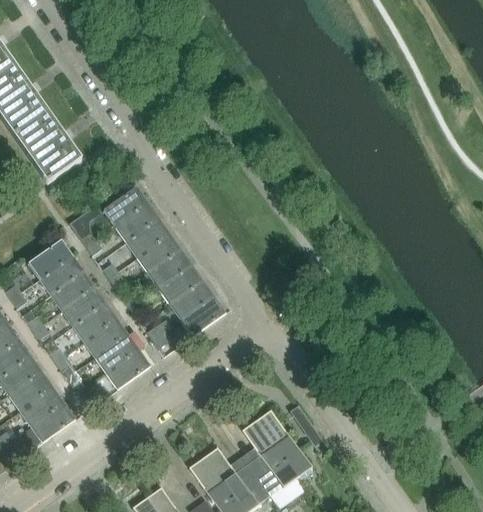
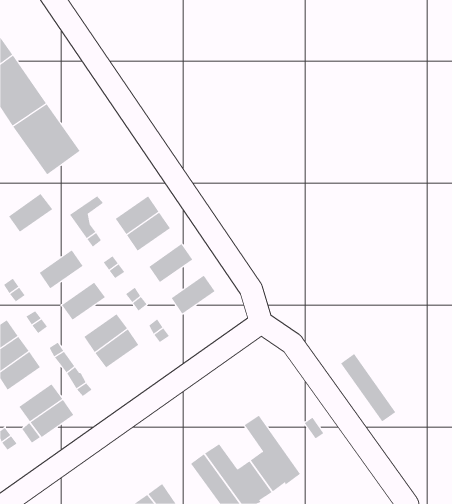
building: [104,187,148,226] -> none
building: [137,235,181,273] -> none
building: [29,240,73,279] -> [8,193,53,233]
building: [159,266,203,304] -> none
building: [51,272,95,311] -> none
building: [181,297,225,336] -> none
building: [73,303,117,342] -> none
building: [106,350,150,389] -> none
building: [9,372,53,411] -> none
building: [257,409,312,477] -> [340,353,396,422]

